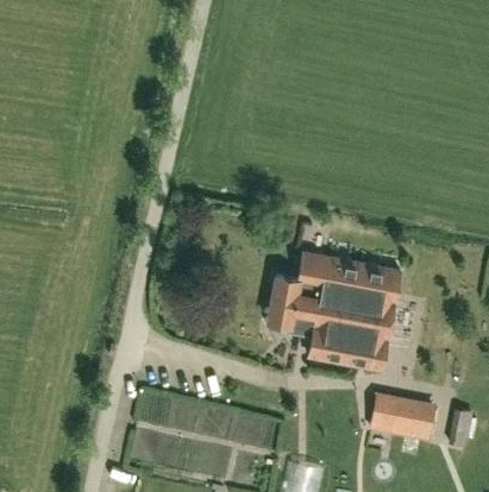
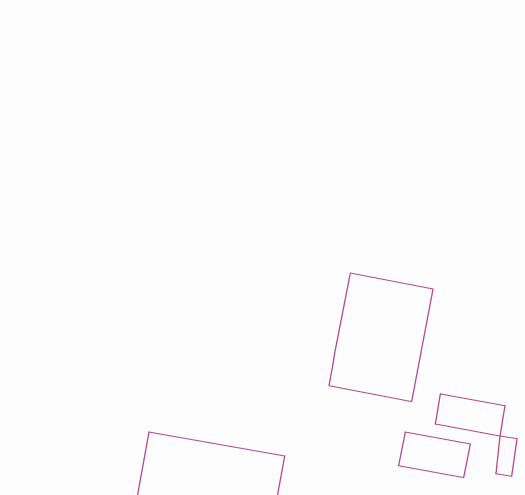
building: [268,250,327,327] -> none
building: none -> [436,394,505,436]

